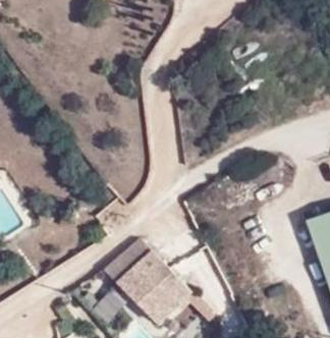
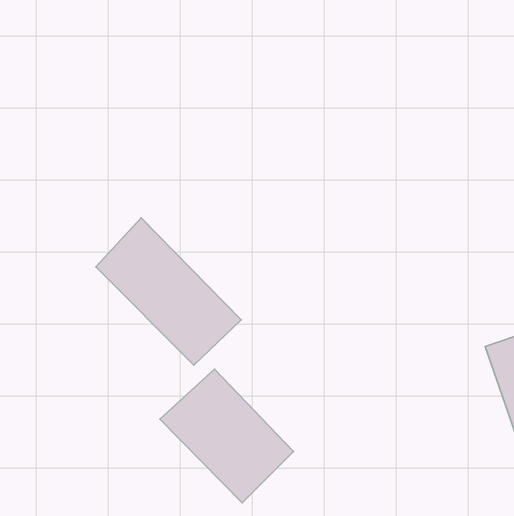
building: none -> [96,218,241,365]

